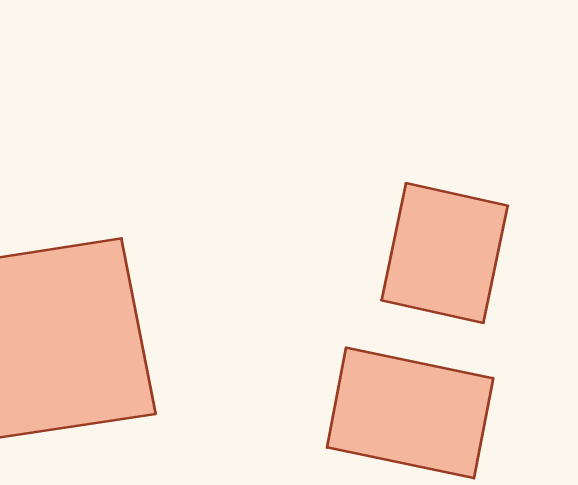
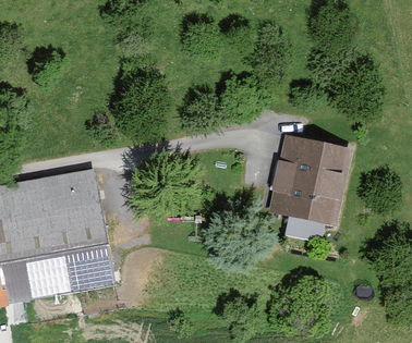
building: [327,348,493,478] -> none

